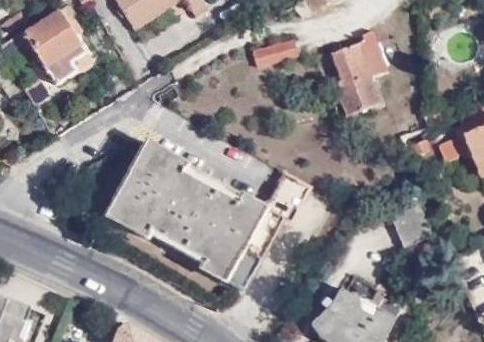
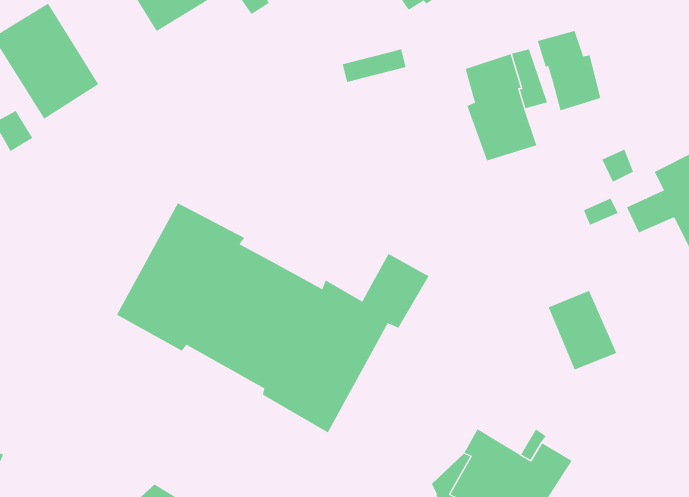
building: none -> [537,30,601,111]

